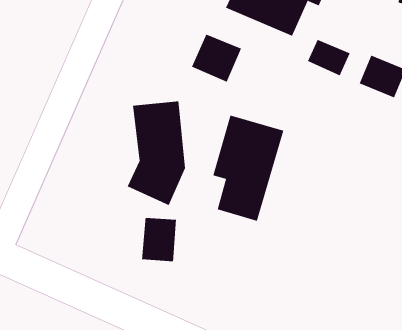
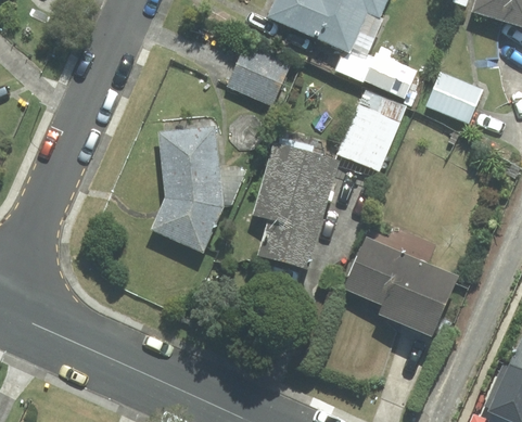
building: none -> [338,91,406,170]
building: none -> [344,238,456,335]
building: [142,217,176,262] -> none

